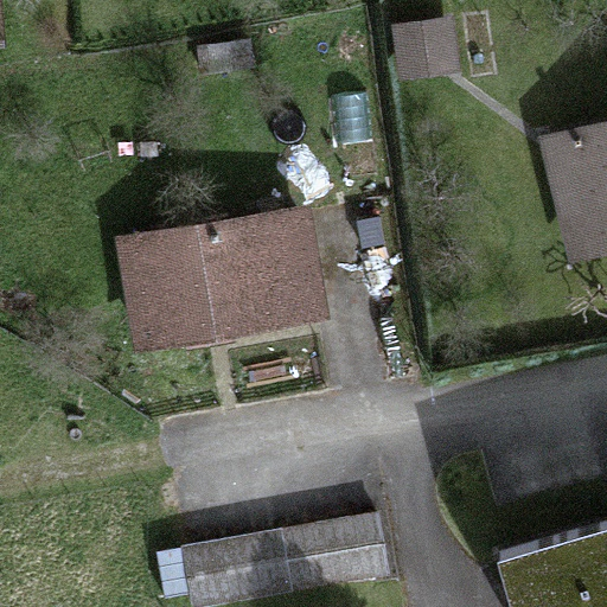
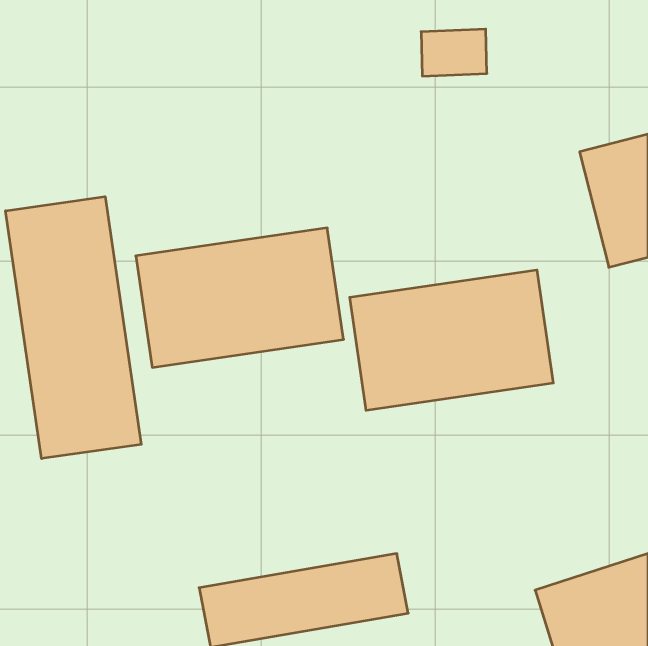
building: none -> [6,197,141,459]
building: none -> [350,270,553,410]

